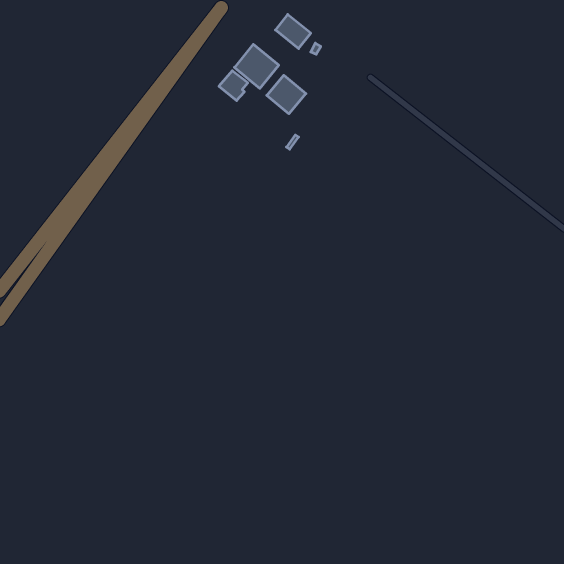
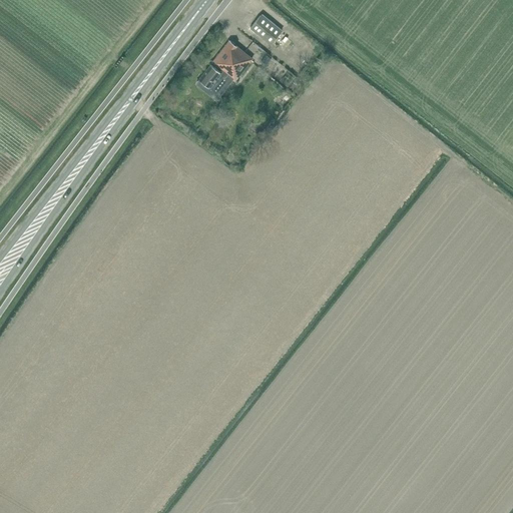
building: [267,75,306,114] -> none

